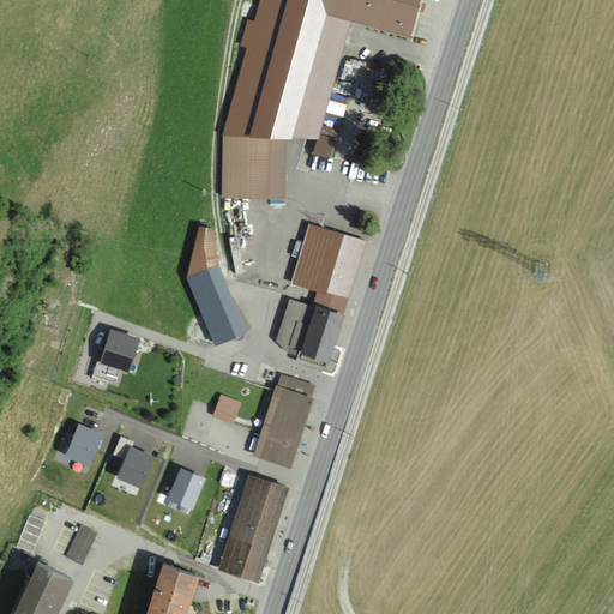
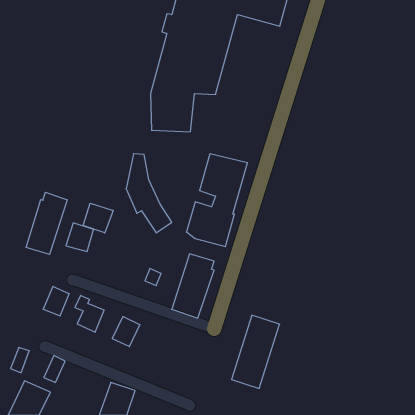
building: none -> [26,192,67,254]
building: none -> [83,203,113,233]
building: [218,475,289,583] -> [232,315,280,388]

